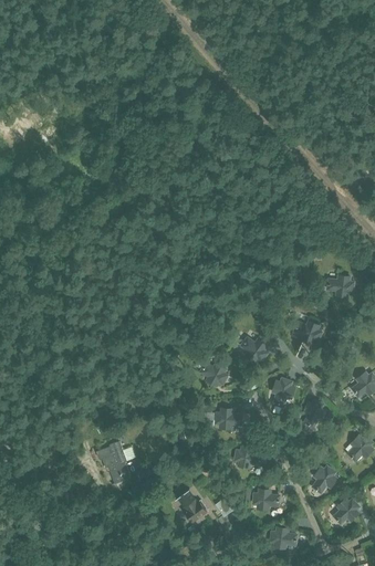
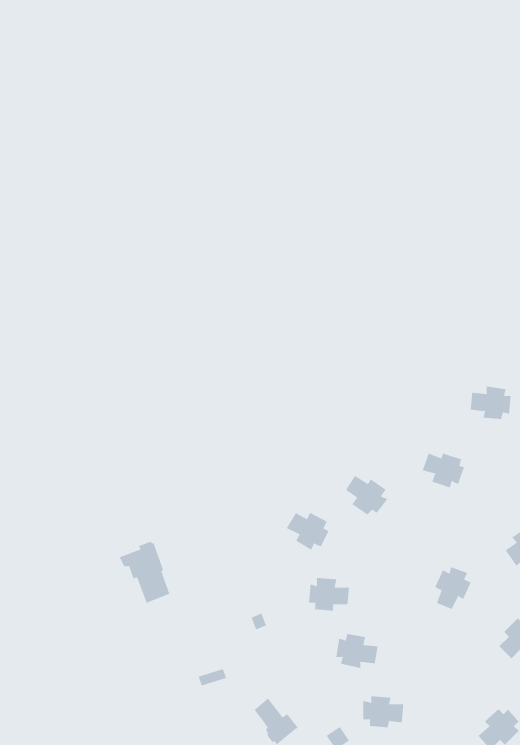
building: [270,375,295,406] -> none
building: [96,441,132,484] -> [119,541,170,603]
building: [310,462,336,492] -> none

